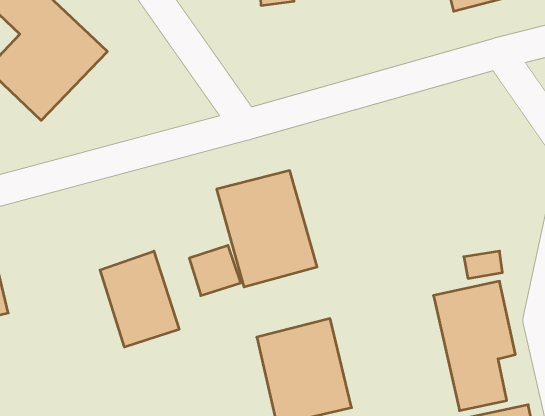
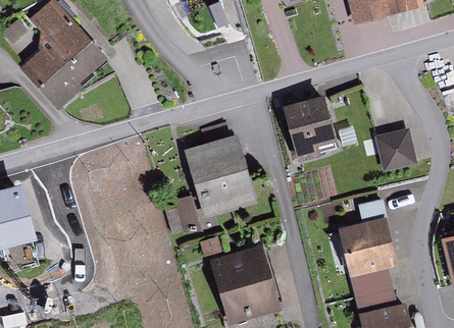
building: none -> [284,100,336,165]
building: none -> [376,131,413,172]
building: [100,251,179,347] -> none

